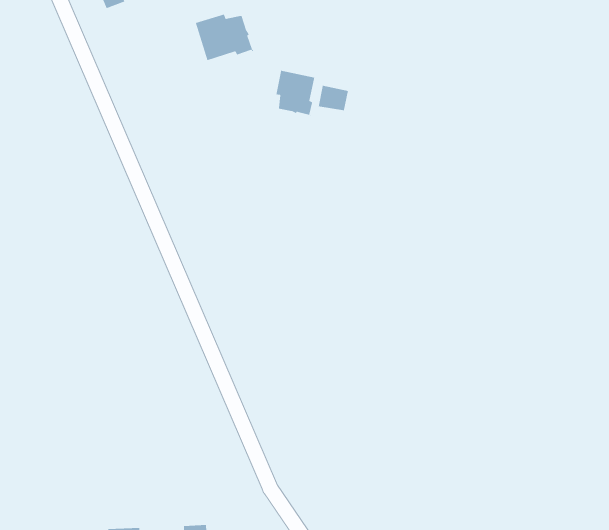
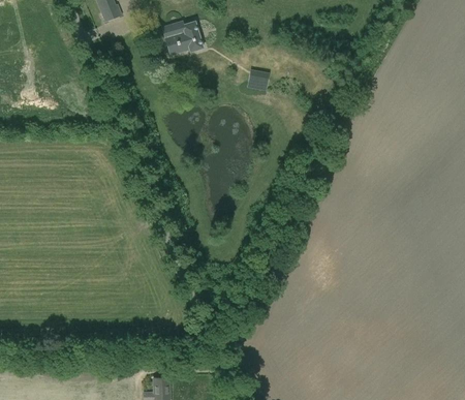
building: [275,70,315,116] -> none

